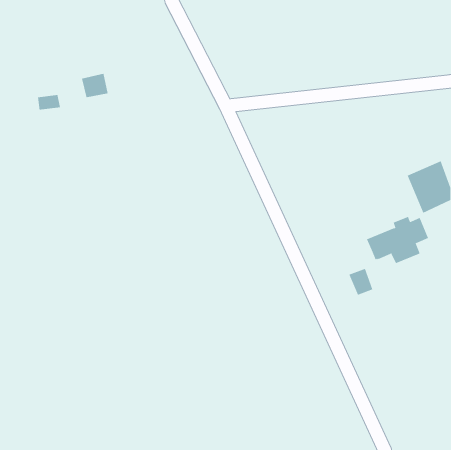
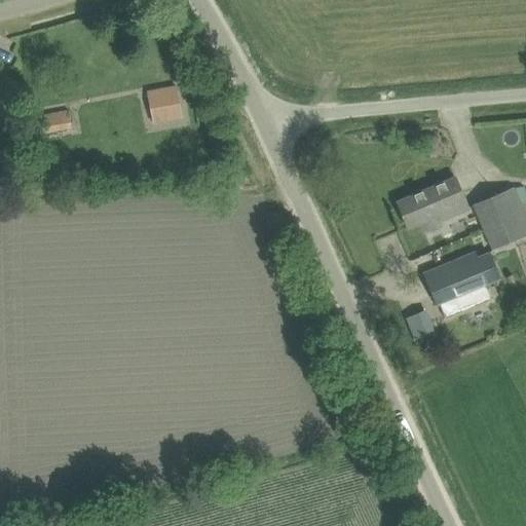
building: [81,73,109,98] -> [147,84,179,113]
building: none -> [397,177,468,227]

